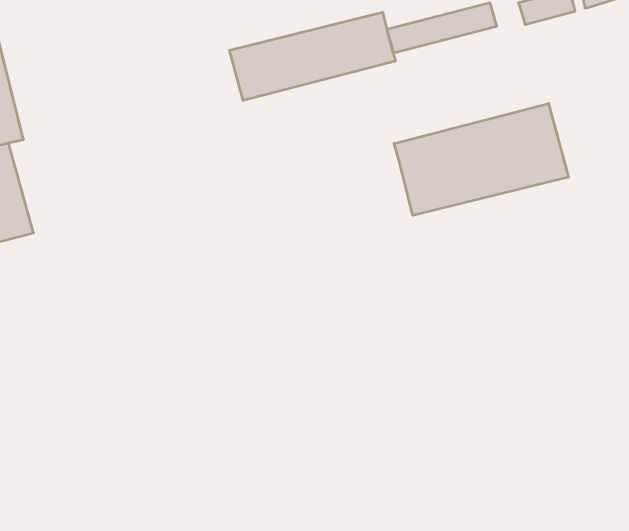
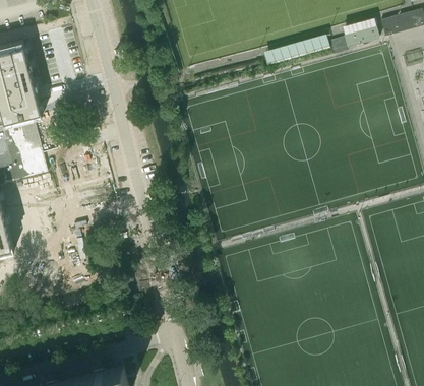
building: [229,12,395,100] -> none
building: [394,103,568,215] -> none

